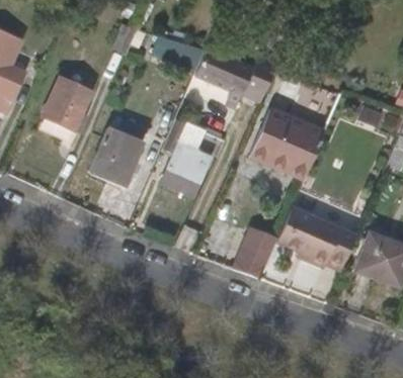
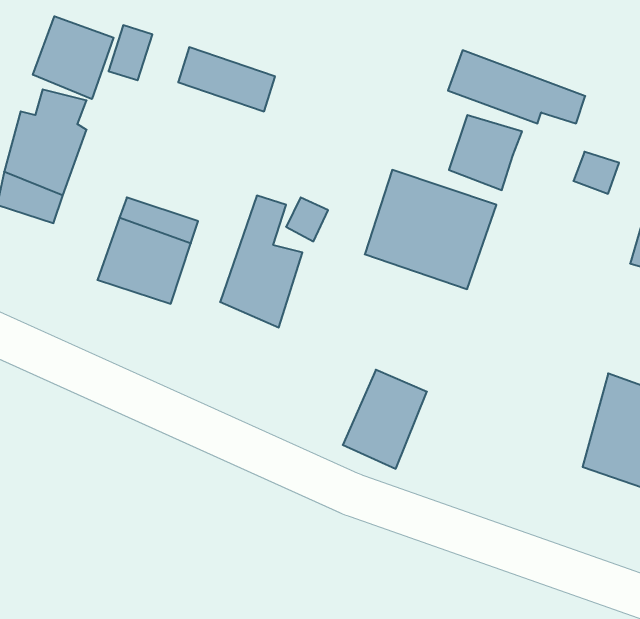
building: none -> [33,16,114,99]
building: [191,59,267,99] -> [448,50,585,123]
building: [277,202,360,270] -> none

